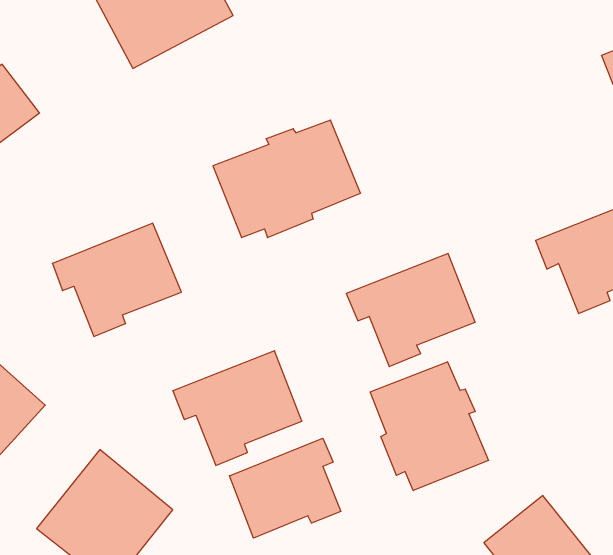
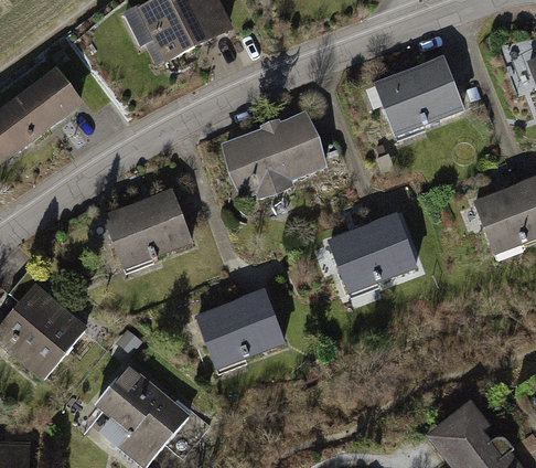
building: none -> [365,55,464,142]
building: [370,362,489,491] -> none
building: [229,438,341,538] -> none

